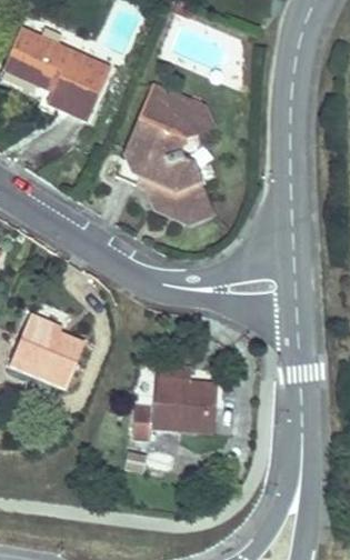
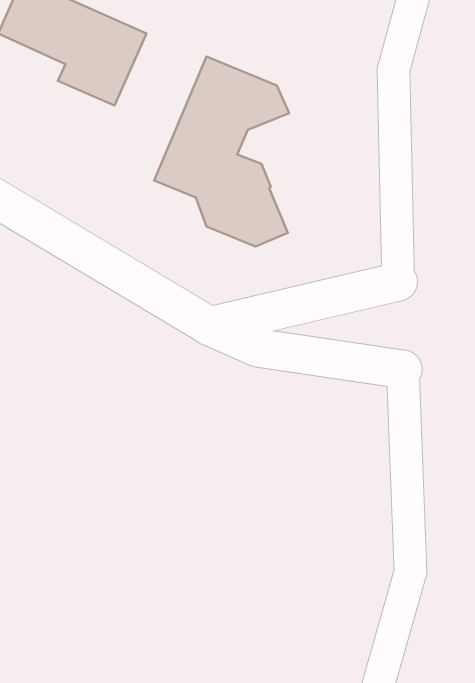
building: [9,312,84,386] -> none
building: [132,378,217,438] -> none

